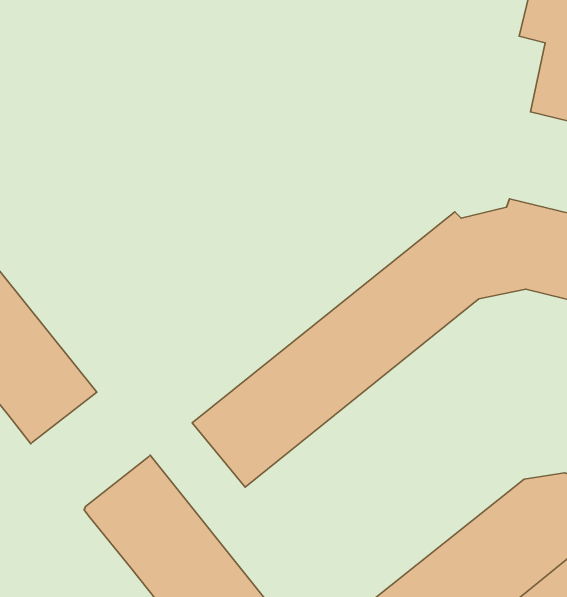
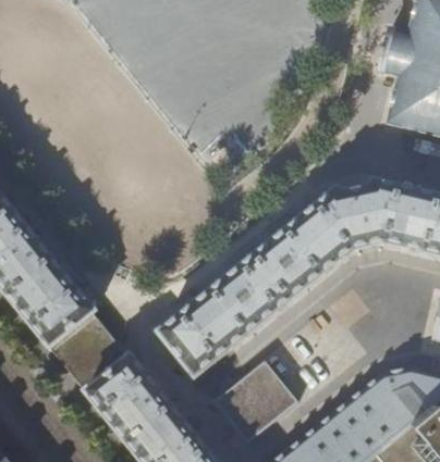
building: none -> [52,313,131,390]
building: none -> [216,360,300,442]

